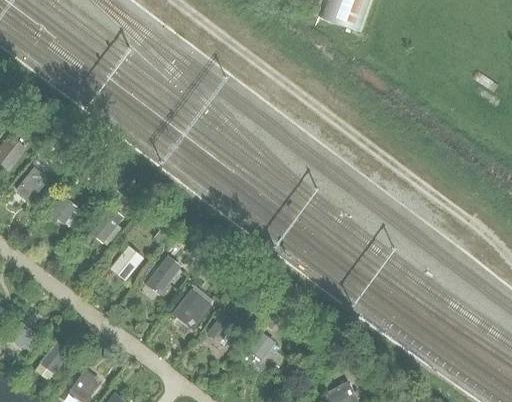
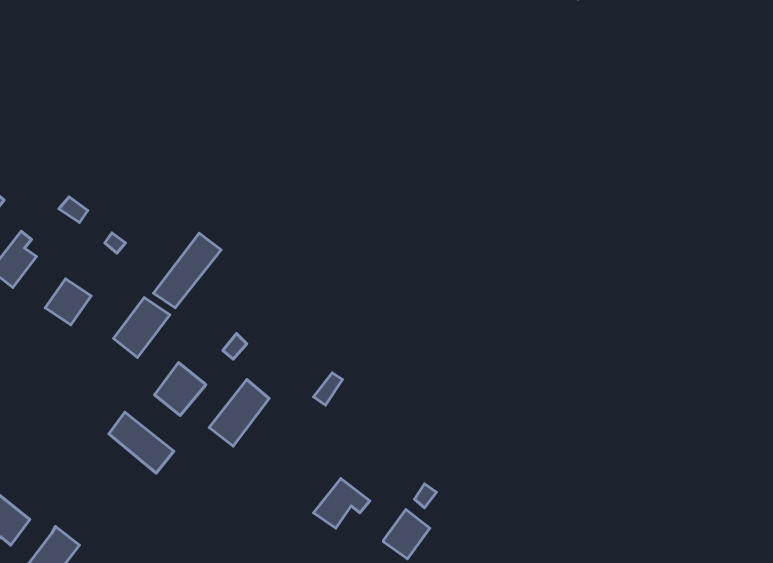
building: none -> [154,233,221,308]
building: none -> [109,412,174,473]
building: [171,289,211,322] -> none

